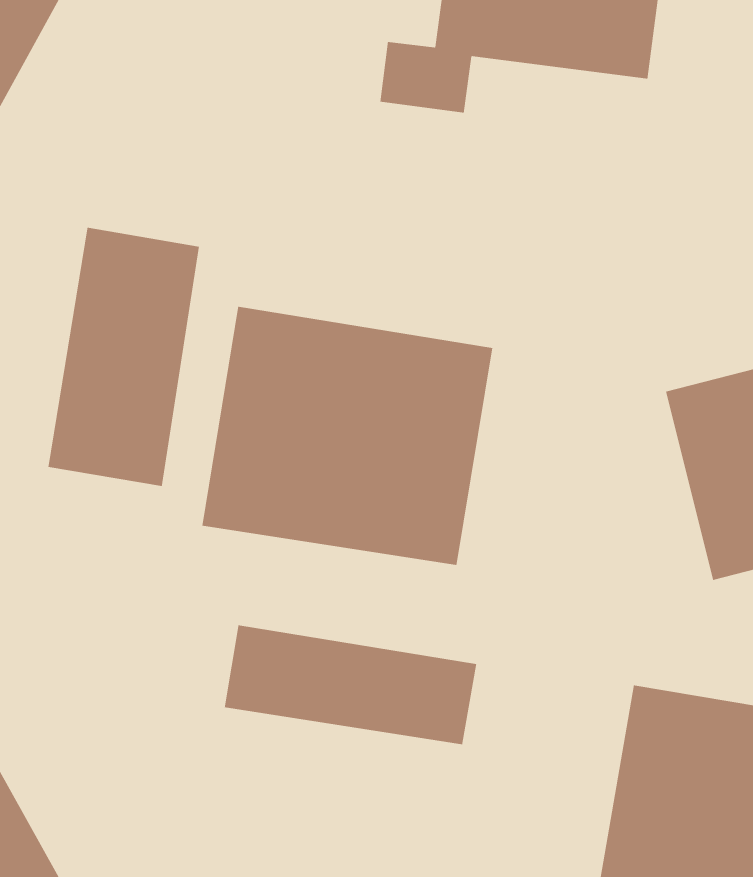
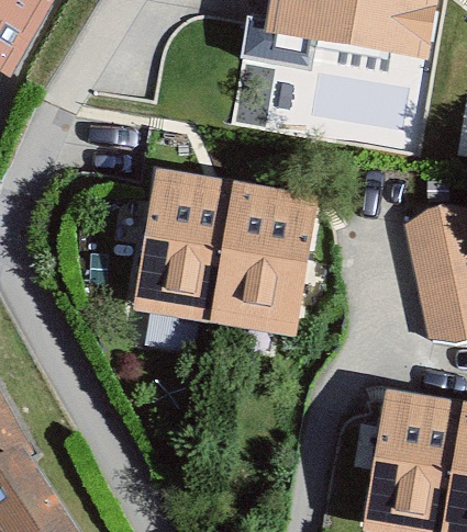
building: [48,227,199,487] -> none
building: [224,625,477,745] -> none

